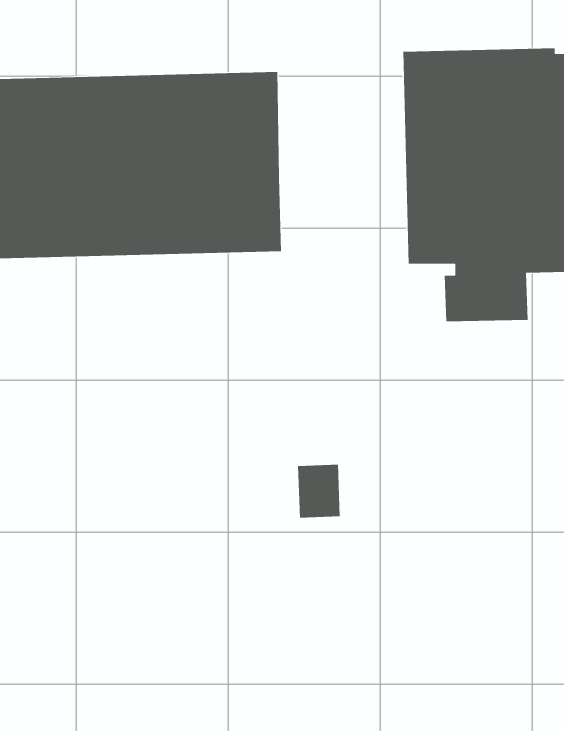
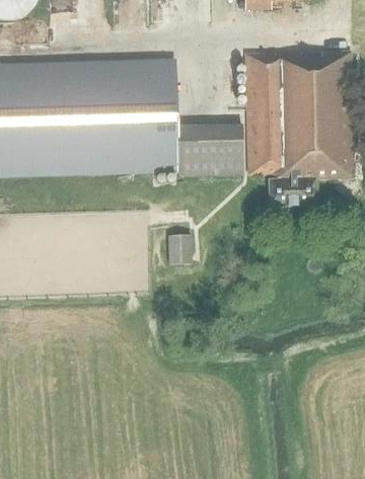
building: none -> [180,123,243,175]
building: [297,464,341,518] -> [167,233,192,263]

